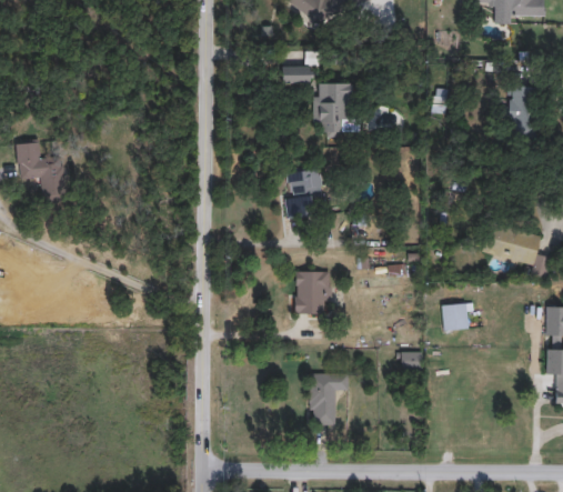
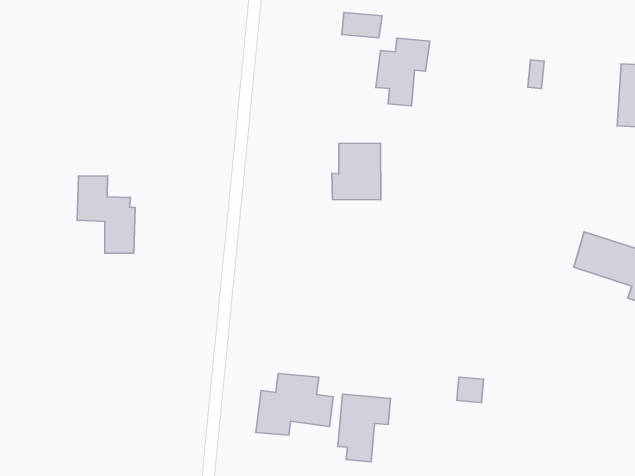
building: [17,141,67,203] -> [77,176,135,253]
building: [295,270,331,313] -> none
building: [442,302,468,330] -> none
building: none -> [256,373,333,435]

